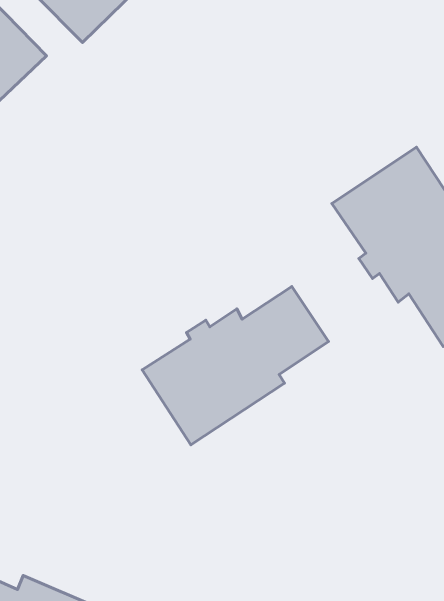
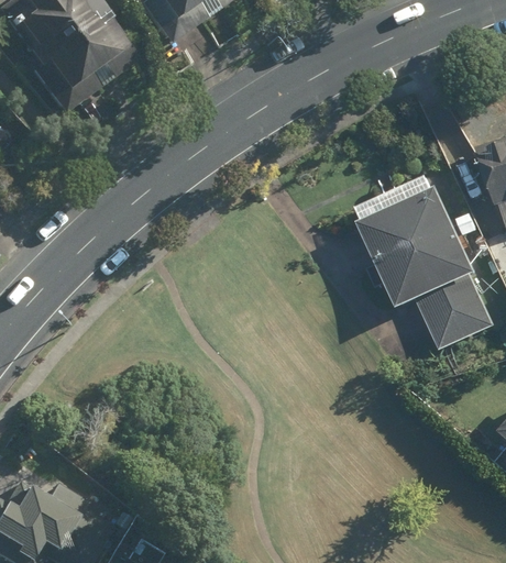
building: [142,286,328,445] -> none

